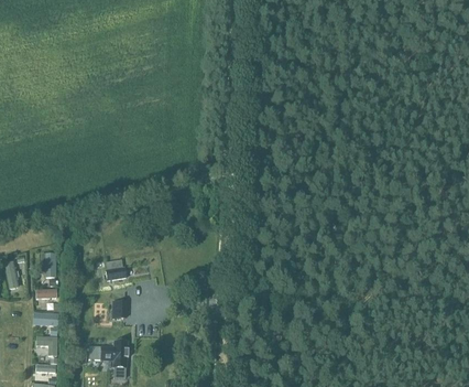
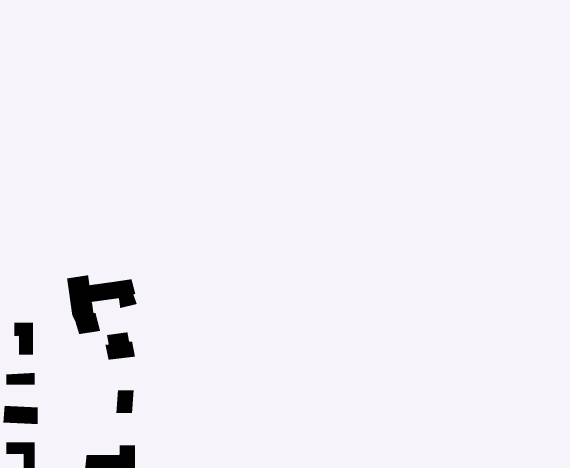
building: none -> [67,275,138,335]

